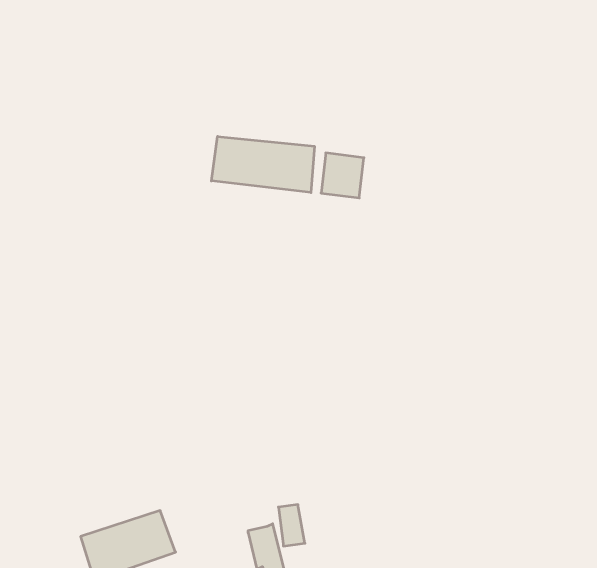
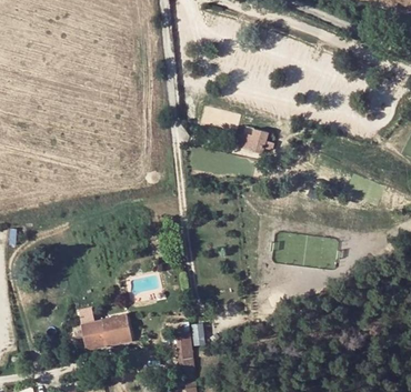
building: [211,136,314,193] -> none

